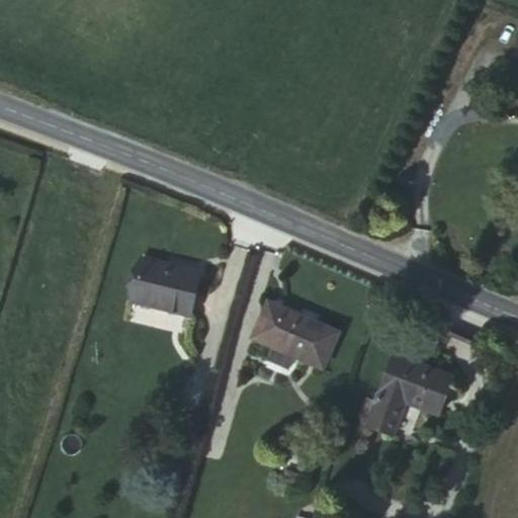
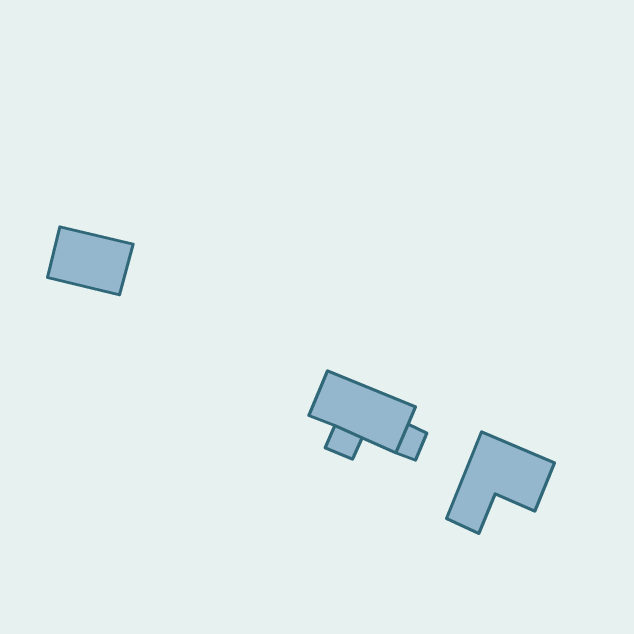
building: [131,259,200,315] -> [47,227,133,295]

